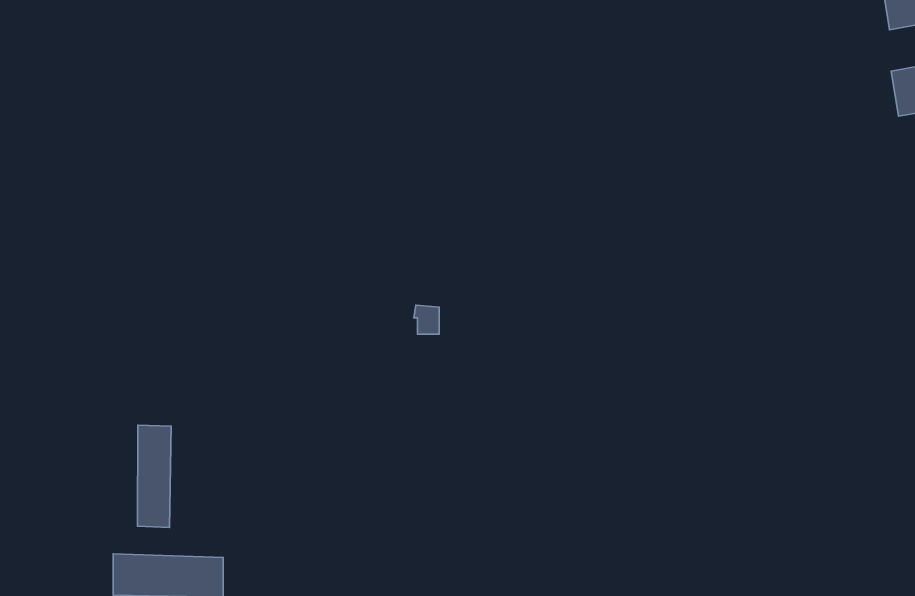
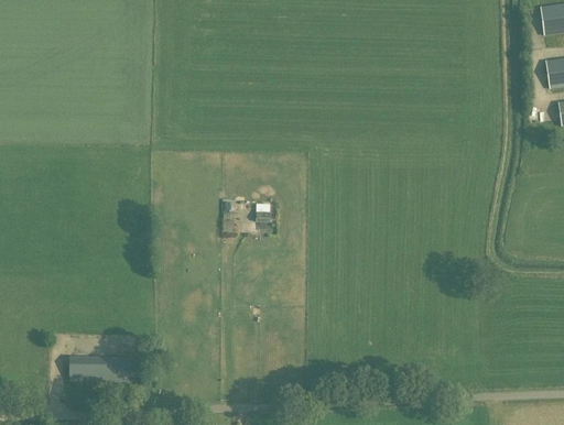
building: [138,425,171,527] -> none

